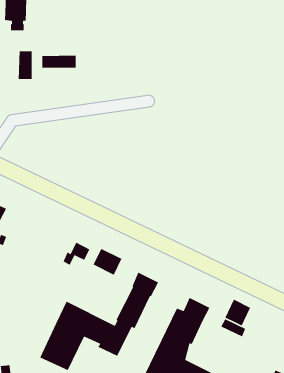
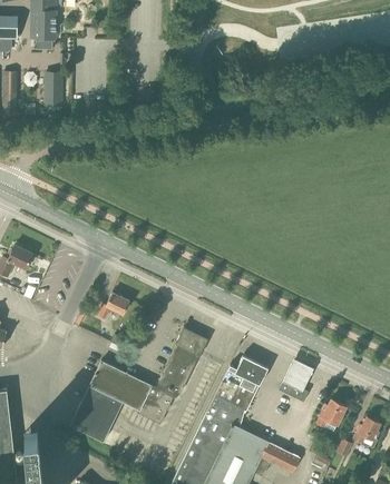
building: [42,55,76,68] -> none
building: [93,248,122,276] -> none
building: none -> [316,398,347,432]

